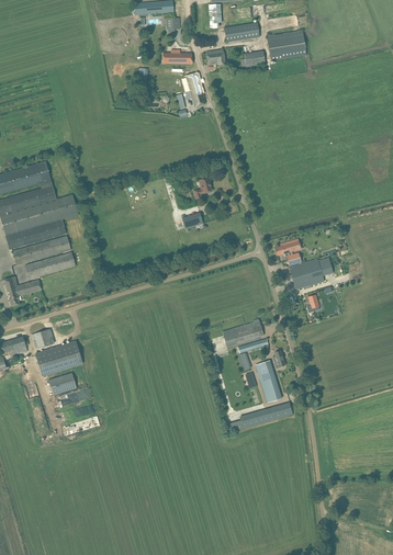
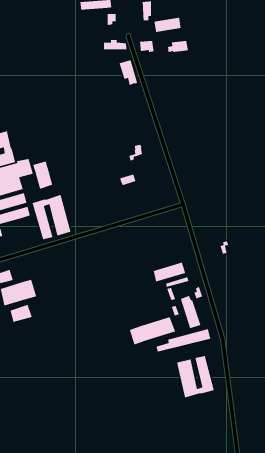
building: [267,30,306,60] -> none
building: none -> [32,160,53,190]
building: none -> [31,194,72,240]
building: [274,238,324,288] -> none
building: none -> [129,316,176,345]
building: none -> [176,355,215,398]

